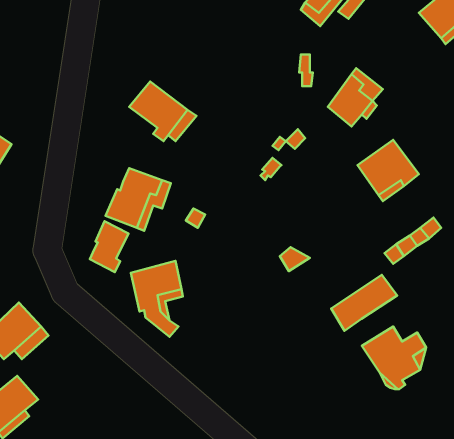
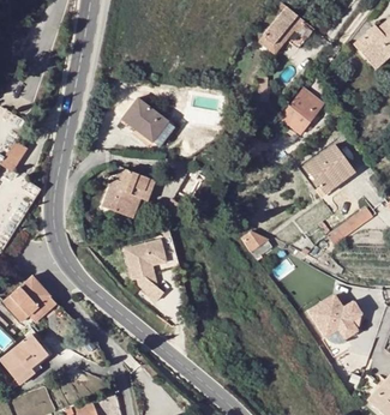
building: [90,221,129,272] -> none
building: [331,275,397,331] -> none

